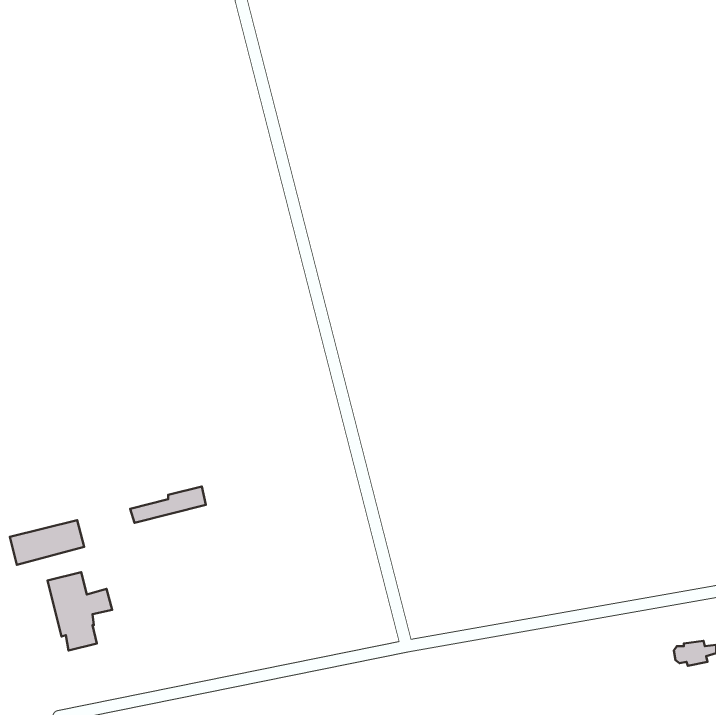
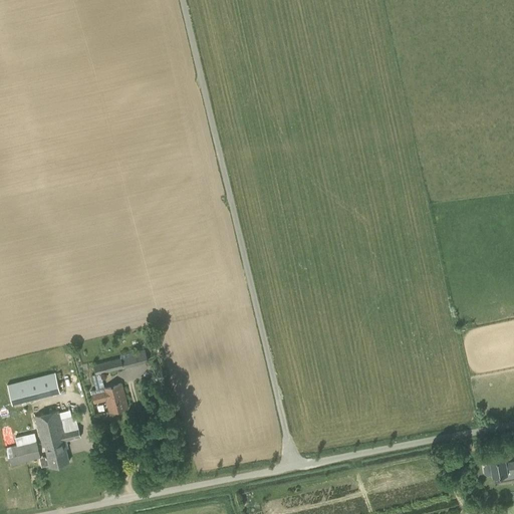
building: none -> [91,384,126,413]
building: none -> [6,441,40,466]

